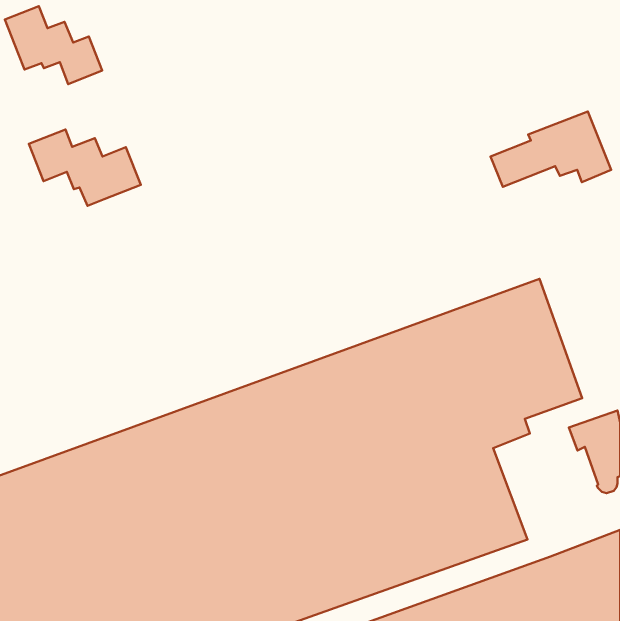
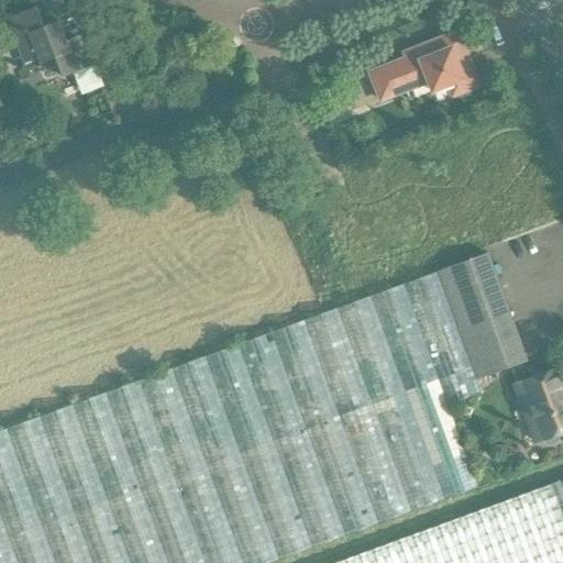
building: [491,111,611,187] -> [368,33,477,101]
building: [29,129,141,206] -> none

